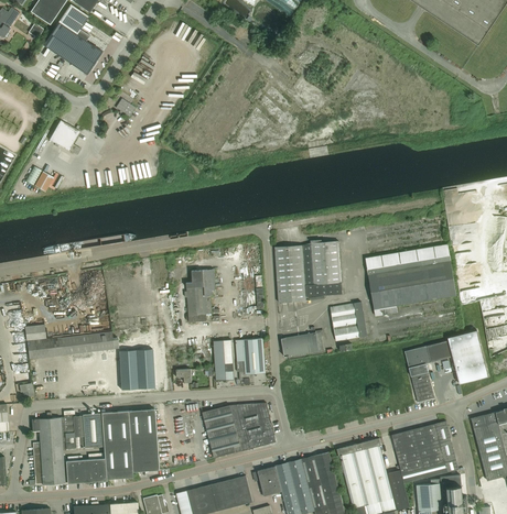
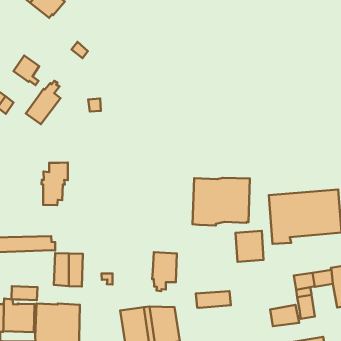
building: none -> [26,81,60,124]
building: [184,269,215,321] -> [41,163,68,205]
building: [280,332,323,356] -> [196,291,231,308]
building: [213,340,233,381] -> none
building: none -> [270,305,299,326]
building: none -> [11,286,37,300]

